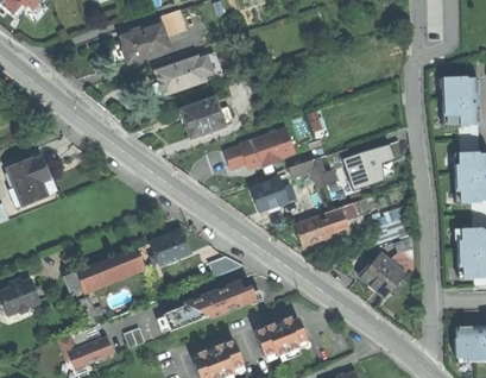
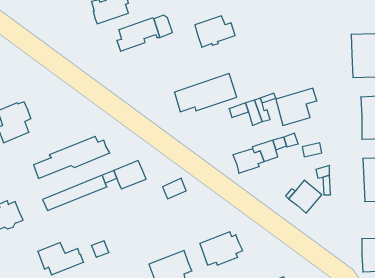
building: [181,99,229,137] -> [195,16,235,47]
building: [252,178,294,210] -> none
building: [163,281,255,332] -> [34,136,110,178]

